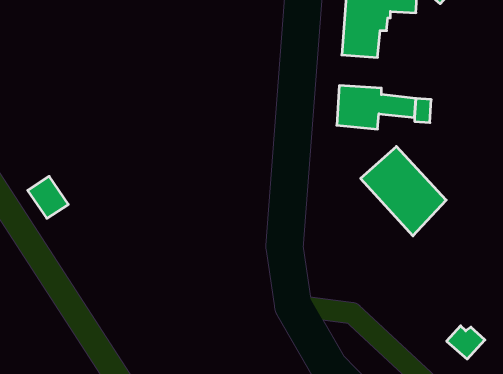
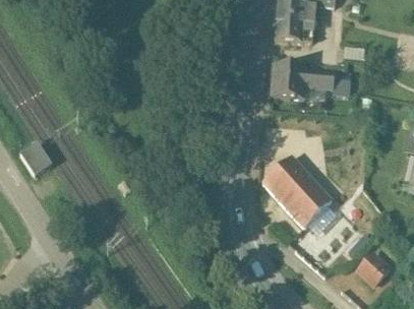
building: [361,146,446,236] -> [262,164,331,235]

